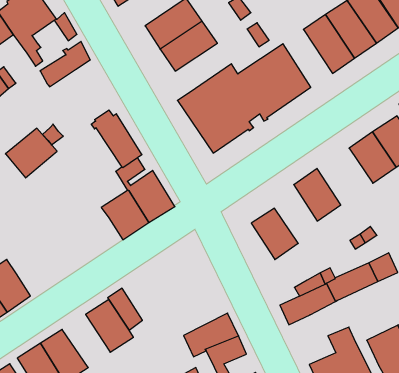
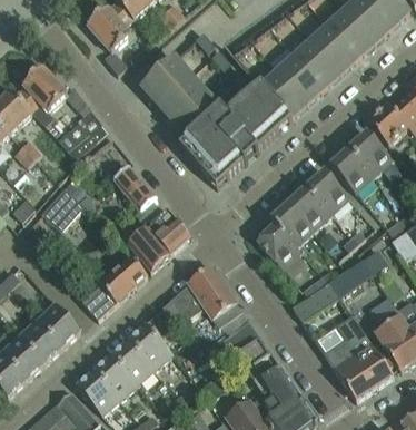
building: none -> [263,70,308,118]
building: none -> [175,92,221,138]
building: none -> [307,170,349,214]
building: none -> [270,203,314,252]
building: none -> [82,257,148,319]
building: none -> [164,267,242,326]
building: none -> [111,339,155,383]

